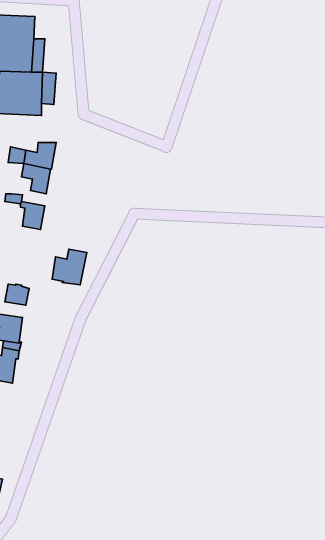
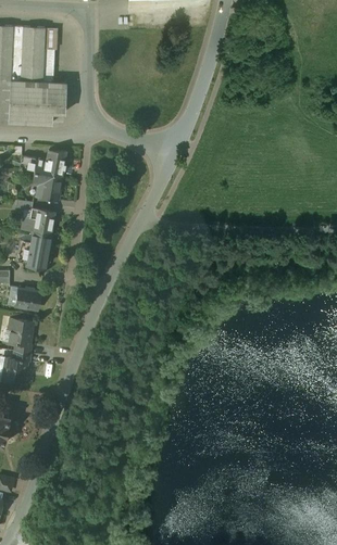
building: [52,249,87,285] -> [16,232,50,267]

